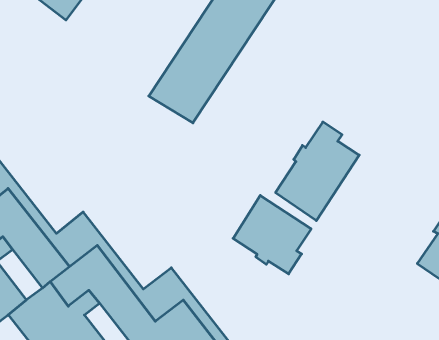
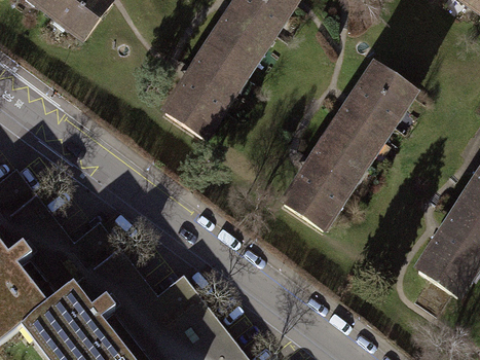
building: none -> [327,68,412,169]
building: [233,195,311,274] -> none

